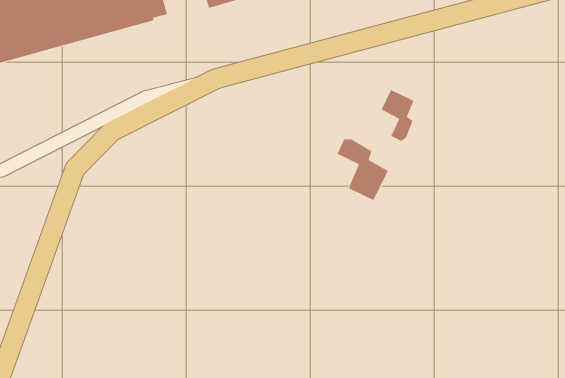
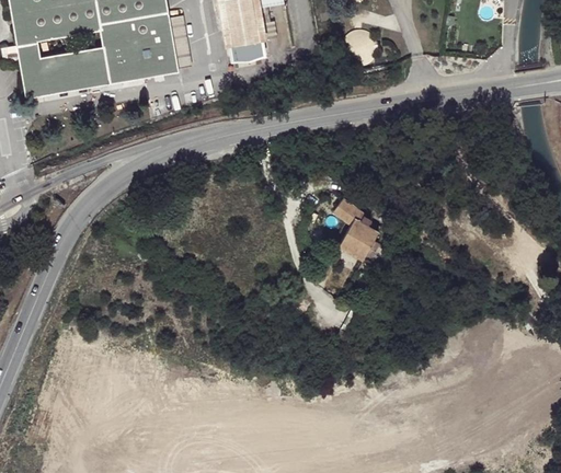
building: [381,89,414,142] -> none

